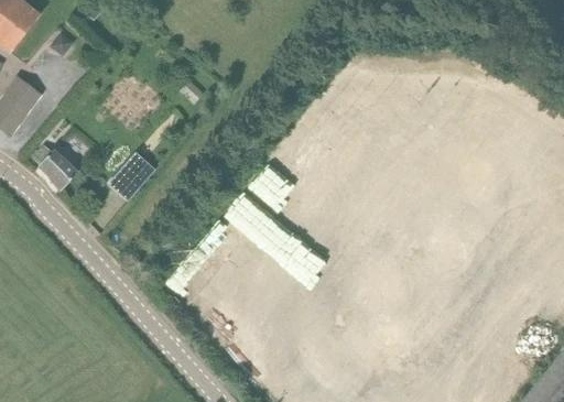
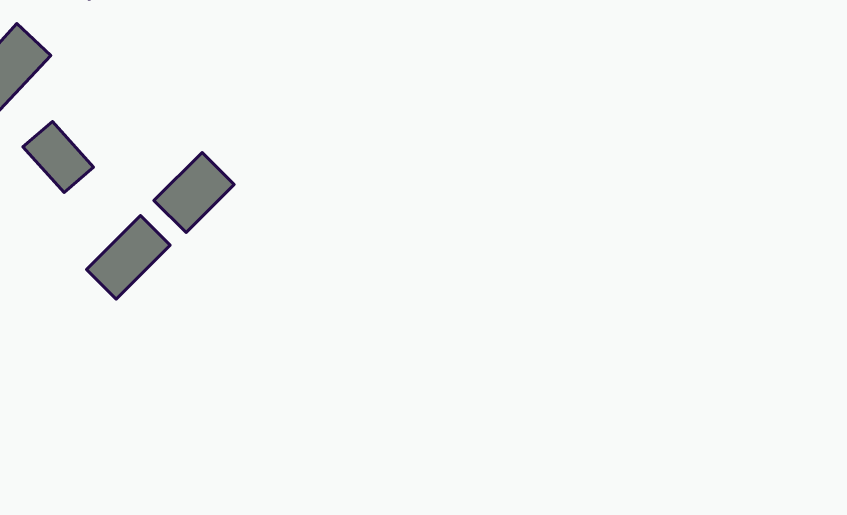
building: none -> [87,215,170,299]

